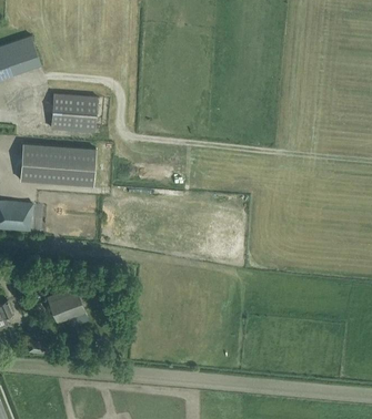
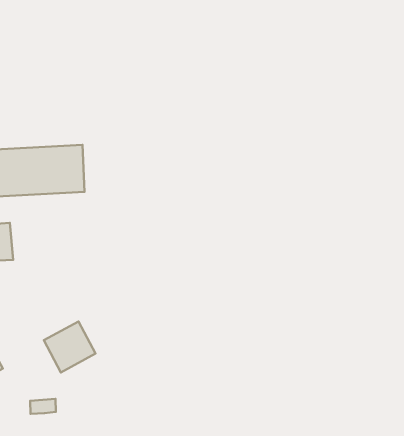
building: [51,93,98,132] -> none

